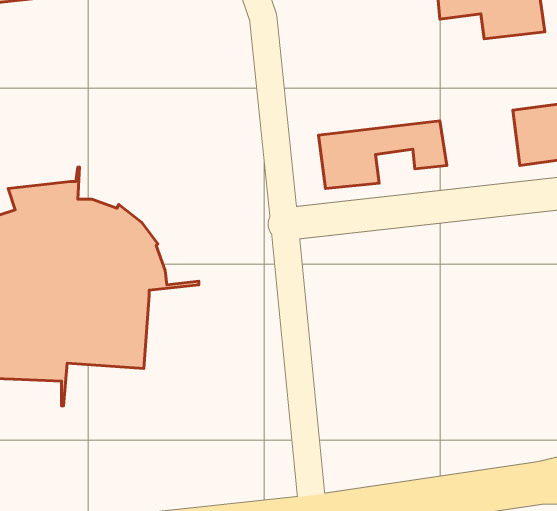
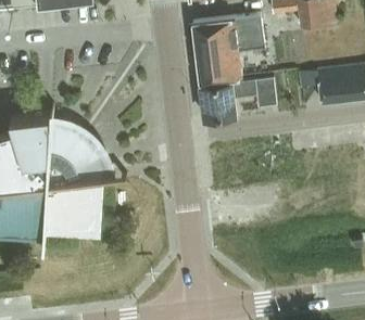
building: none -> [192,14,264,82]

